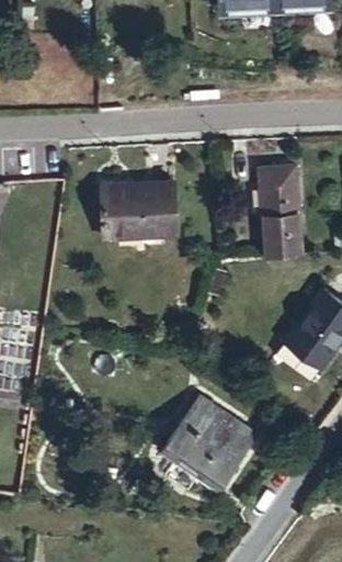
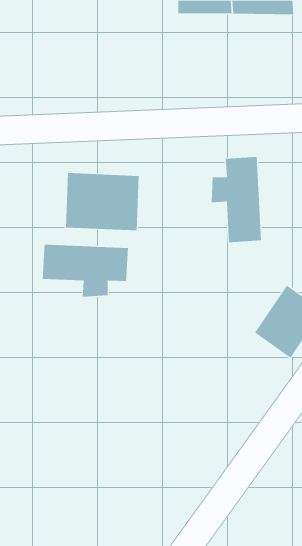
building: none -> [42,244,129,297]
building: [155,387,254,485] -> none

